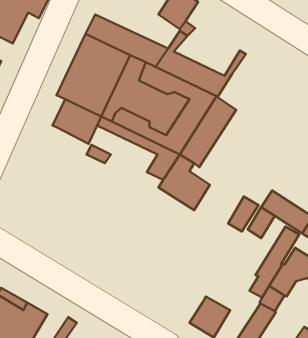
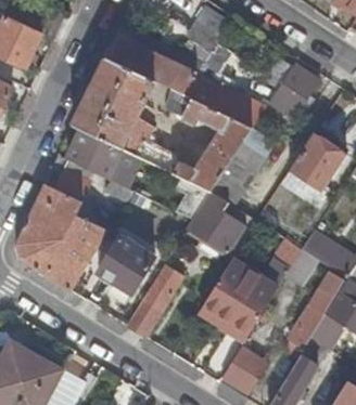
building: none -> [269,63,320,118]
building: none -> [290,133,346,191]
building: none -> [15,167,110,291]
building: none -> [98,236,154,292]
building: none -> [126,263,182,337]
building: none -> [201,264,275,344]

